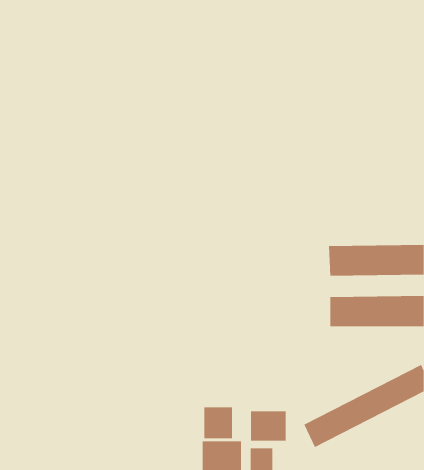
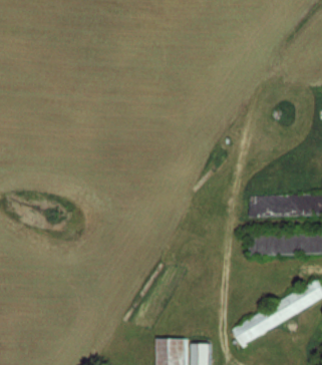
building: [204,407,233,439] -> none
building: [250,410,286,441] -> none

